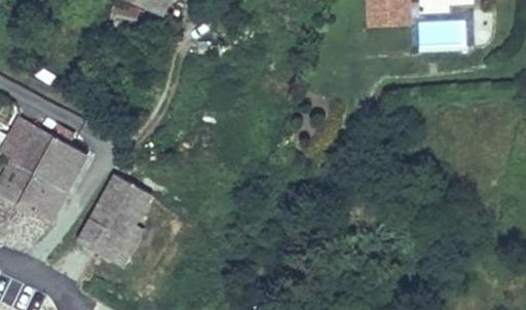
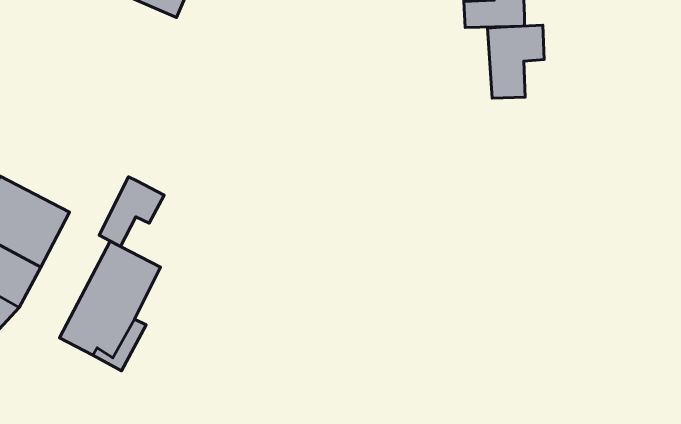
building: none -> [488,25,544,98]
building: none -> [99,177,164,246]

